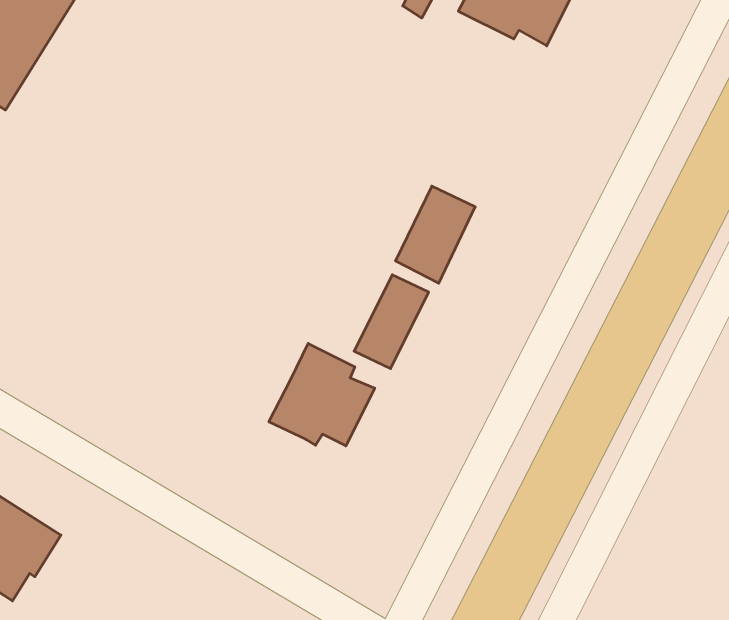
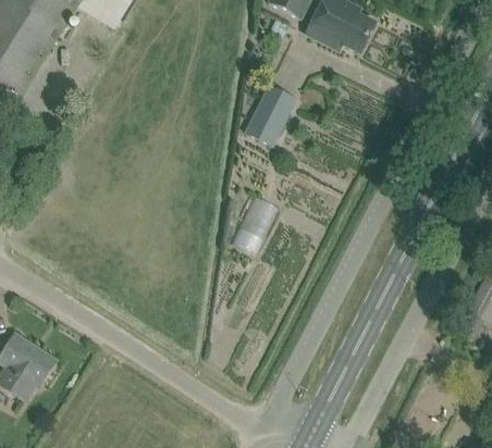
building: [395,186,475,283] -> [245,85,295,146]
building: [269,343,375,446] -> none

